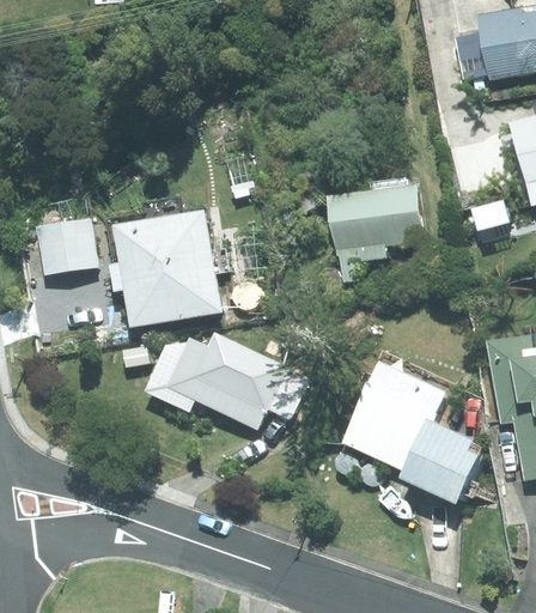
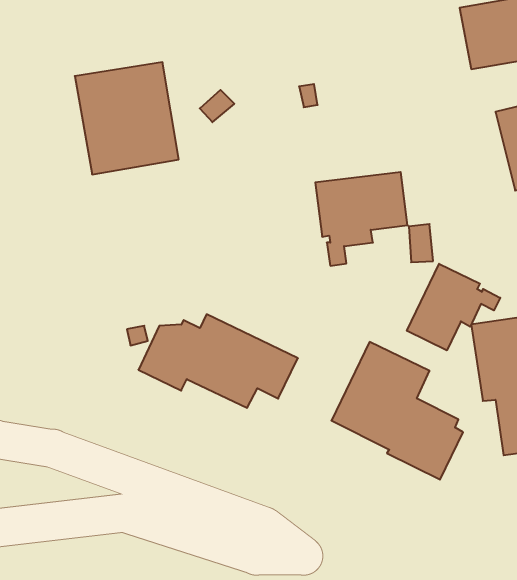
building: [112,211,220,327] -> [75,62,179,174]
building: [37,220,95,272] -> none
building: none -> [407,264,500,350]

